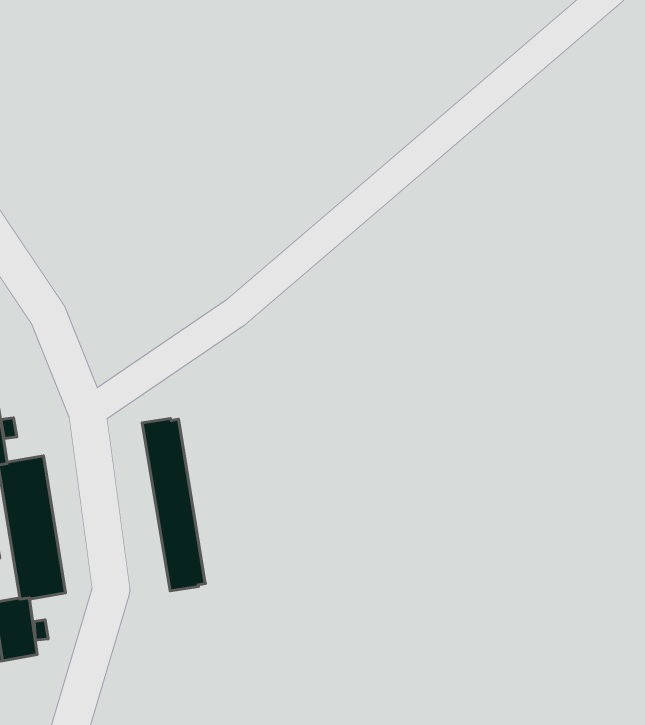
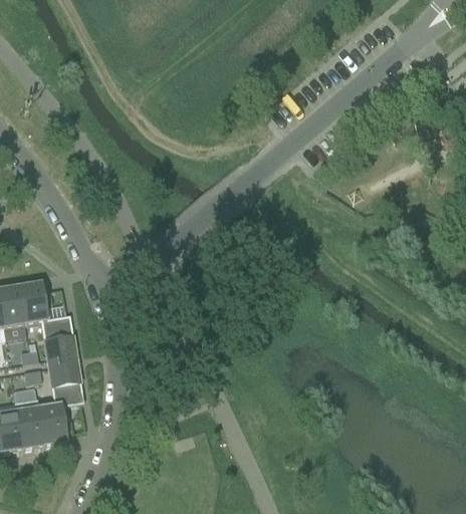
building: [142,419,205,591] -> none

